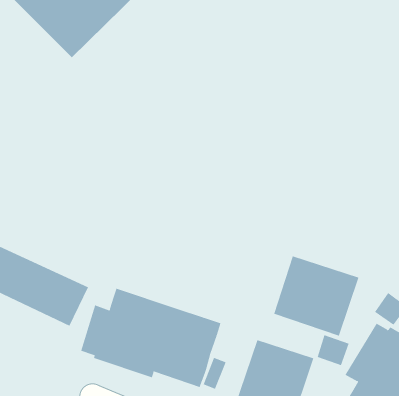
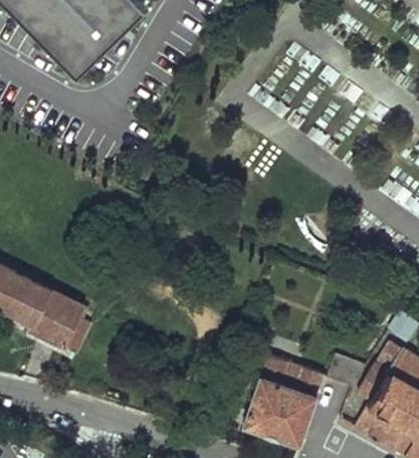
building: [273,256,359,336] -> none
building: [80,288,221,388] -> none

